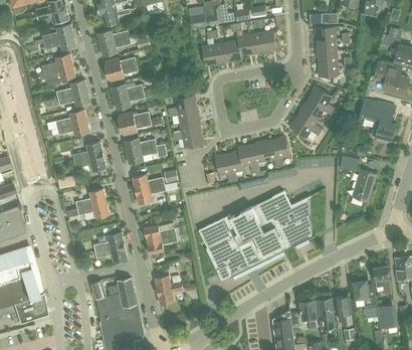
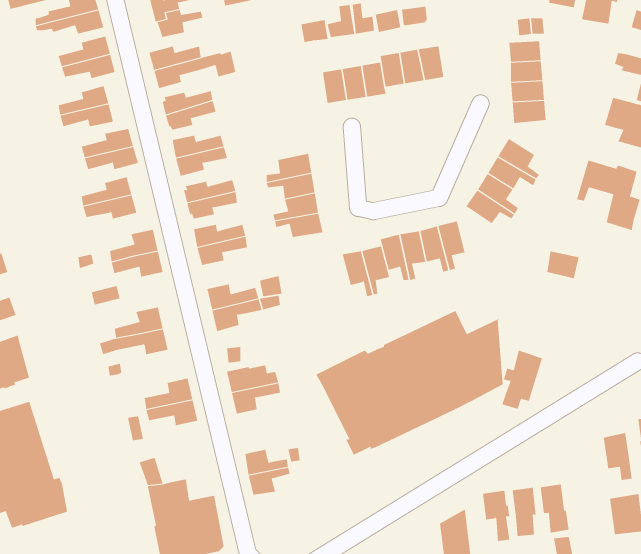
building: [350,170,375,206] -> [502,350,543,409]
building: [117,278,137,307] -> none
building: [352,281,378,318] -> none

